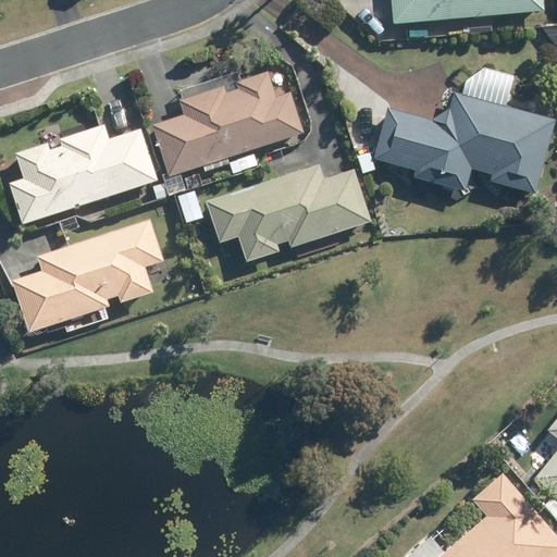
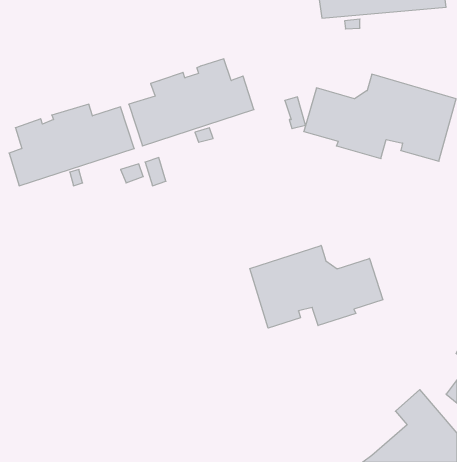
building: [207,168,371,263] -> none
building: [11,221,162,331] -> none
building: none -> [250,245,383,328]

